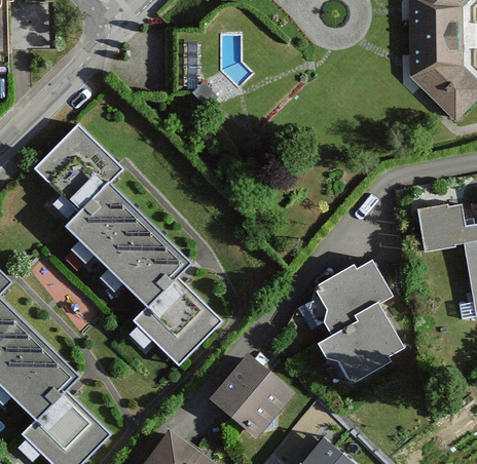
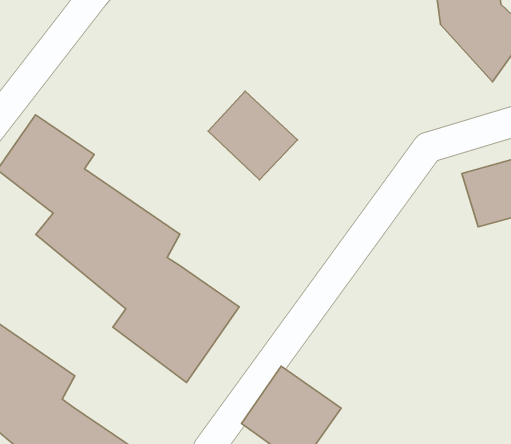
building: none -> [208,91,298,180]
building: [311,255,404,384] -> none

